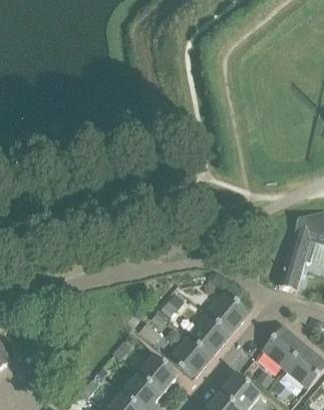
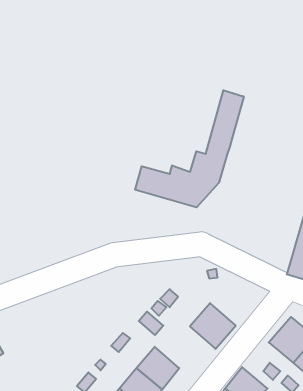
building: none -> [135,90,244,207]
building: [207,291,250,335] -> none
building: [169,336,212,380] -> none

